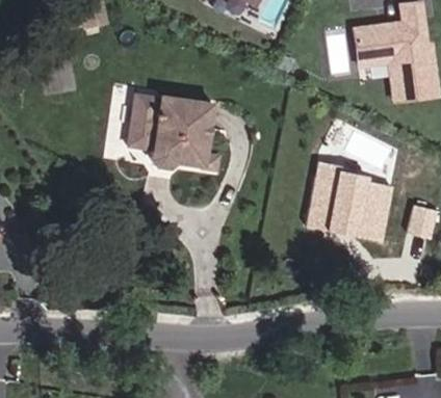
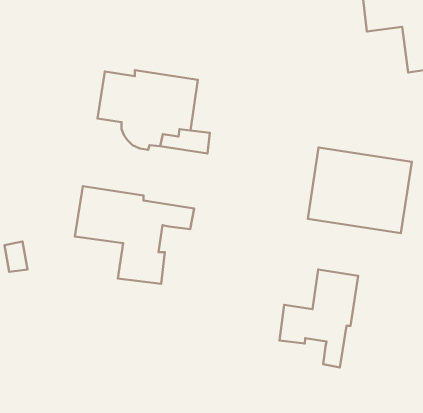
building: none -> [75,186,194,284]
building: none -> [279,270,358,367]

